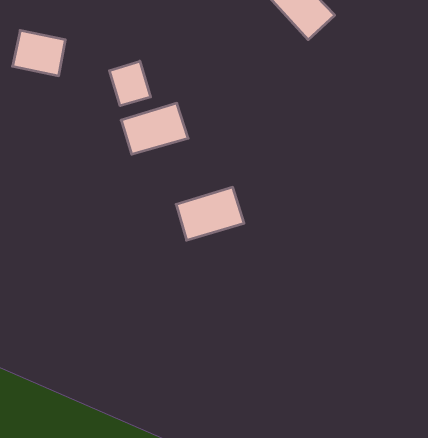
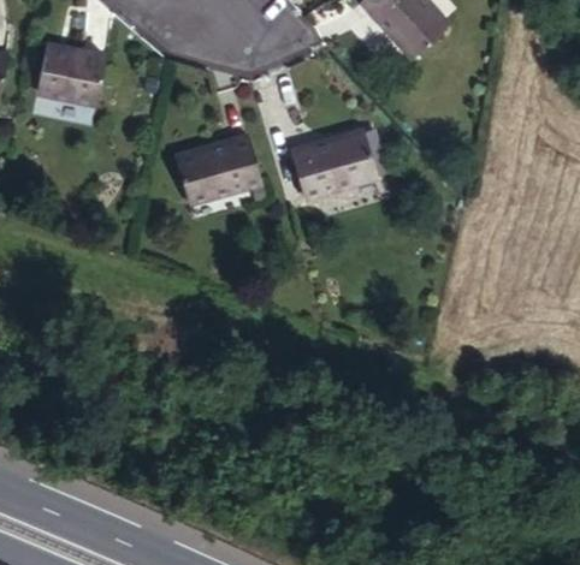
building: [109,61,151,106] -> none
building: [176,187,244,240] -> [290,130,377,197]

